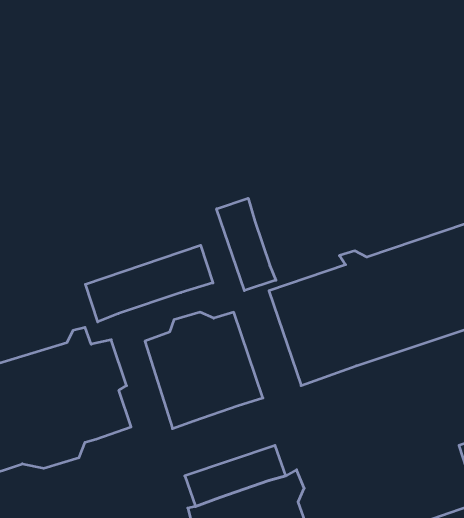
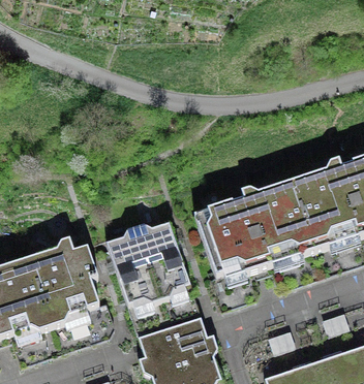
building: [217,198,276,291] -> none
building: [85,245,213,322] -> none

